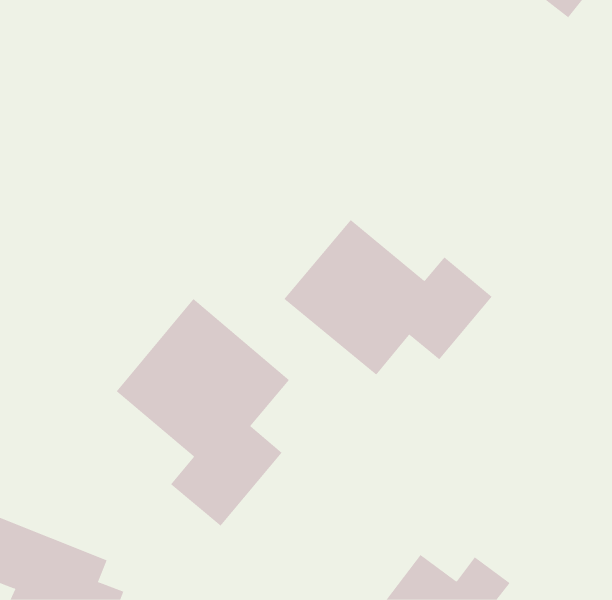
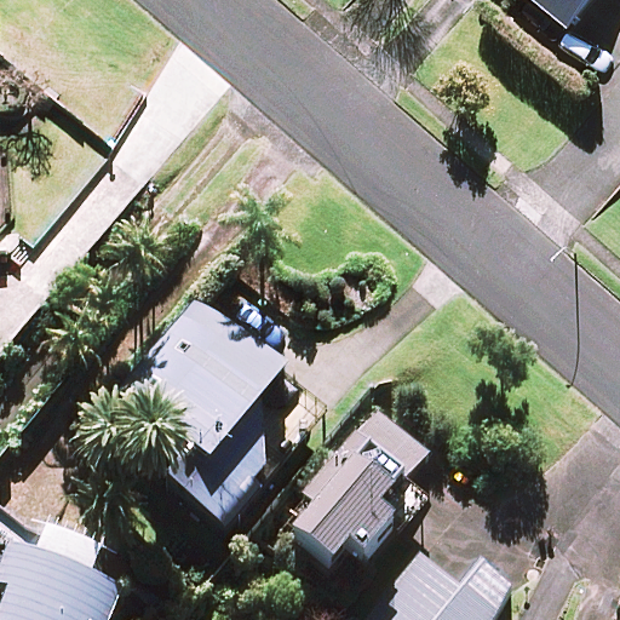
building: [283,219,492,375] -> none
building: none -> [281,401,431,572]

